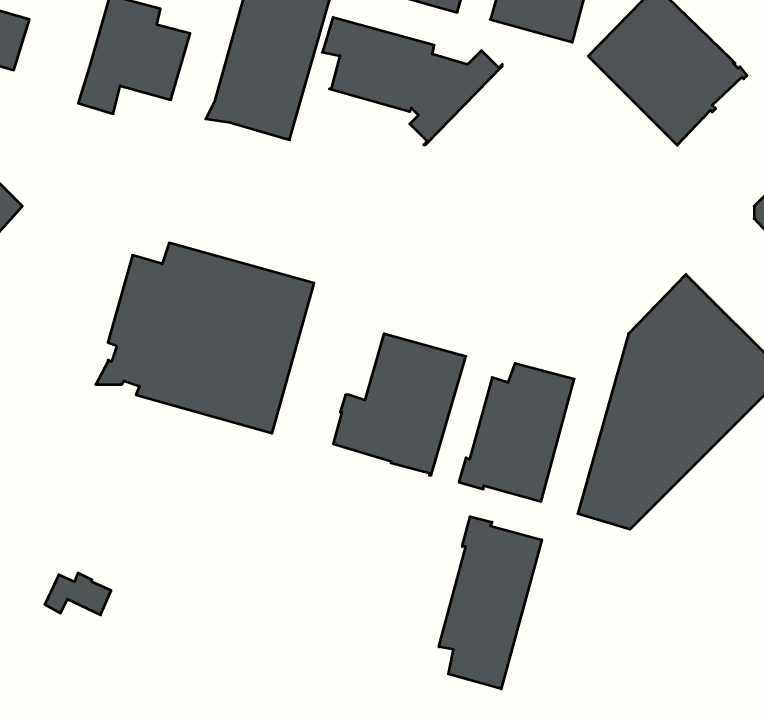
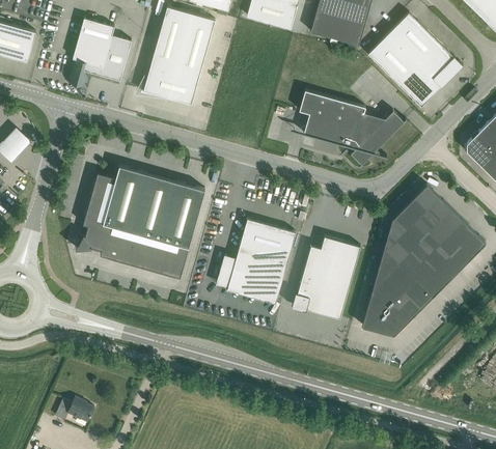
building: [322,17,502,145] -> [299,91,406,167]
building: [439,517,542,689] -> none
building: [45,573,111,615] -> [55,398,94,423]

